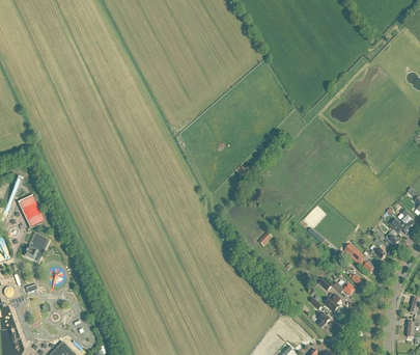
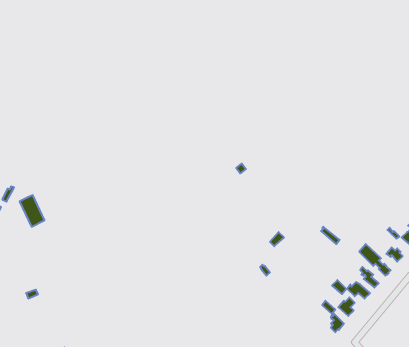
building: [24,231,50,262] -> none

